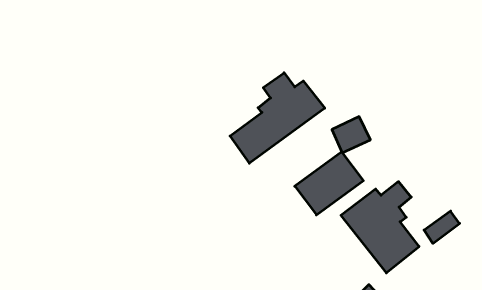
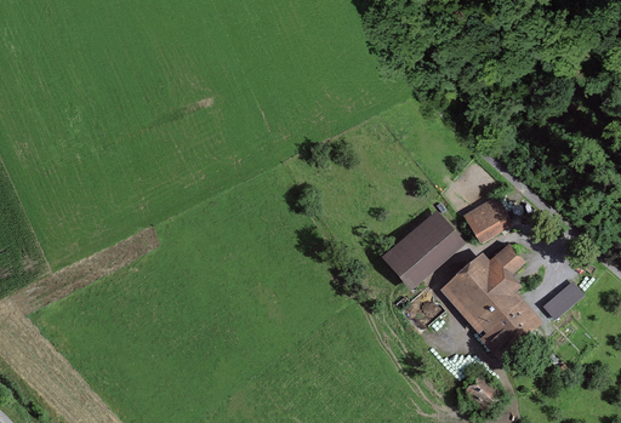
building: [230,73,325,163] -> none
building: [332,117,370,153] -> [463,196,512,242]

